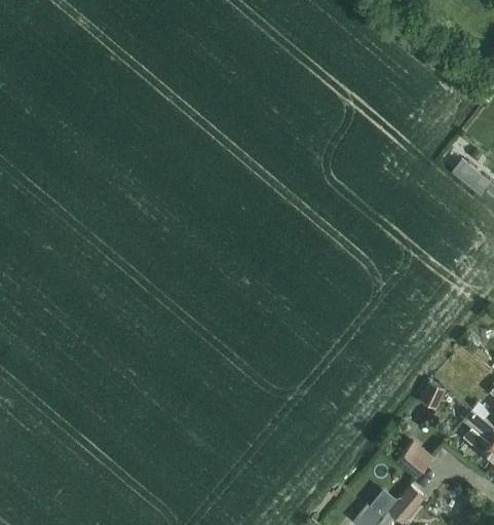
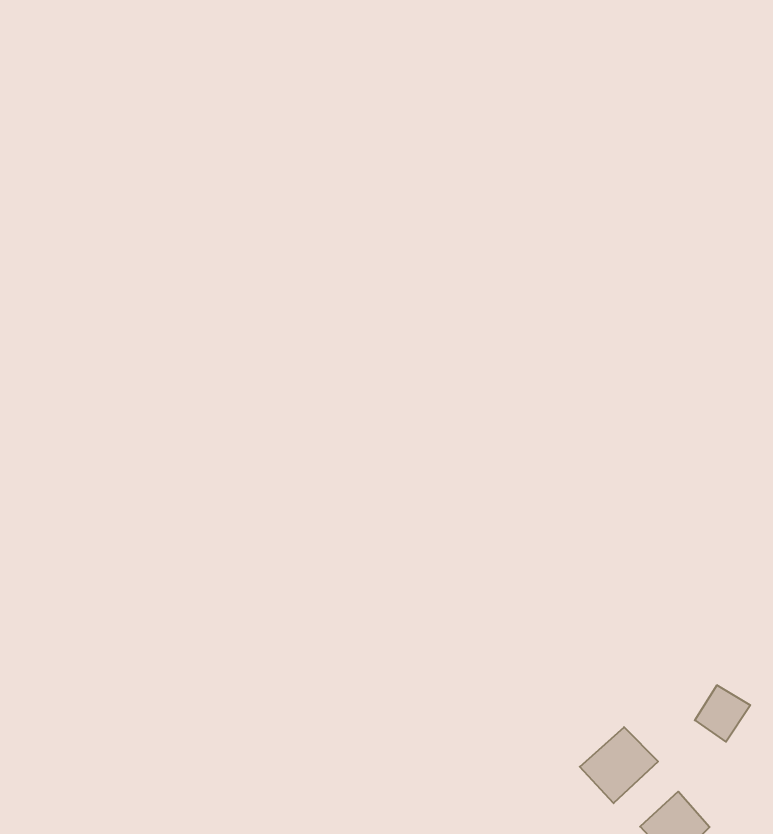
building: none -> [580,727,658,803]

